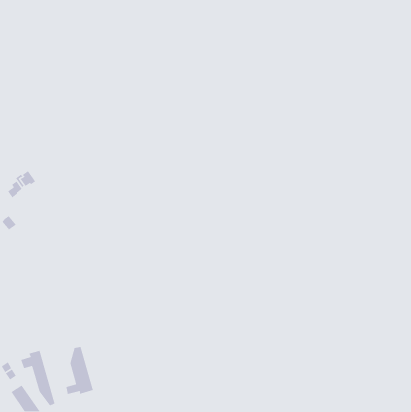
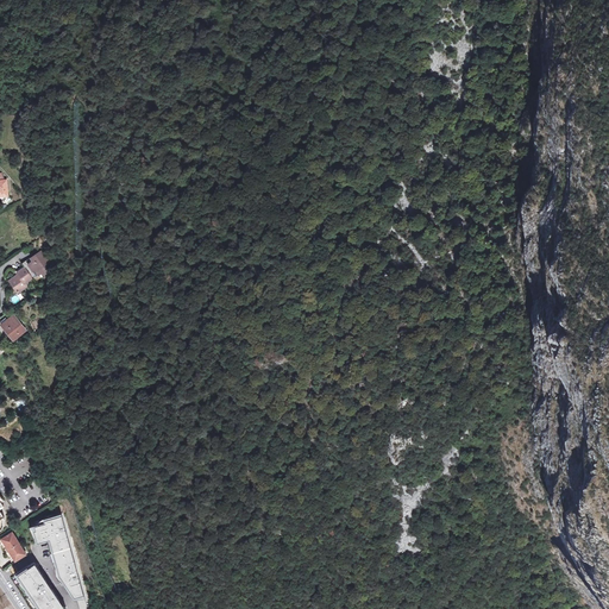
building: [65,346,94,395] -> none

